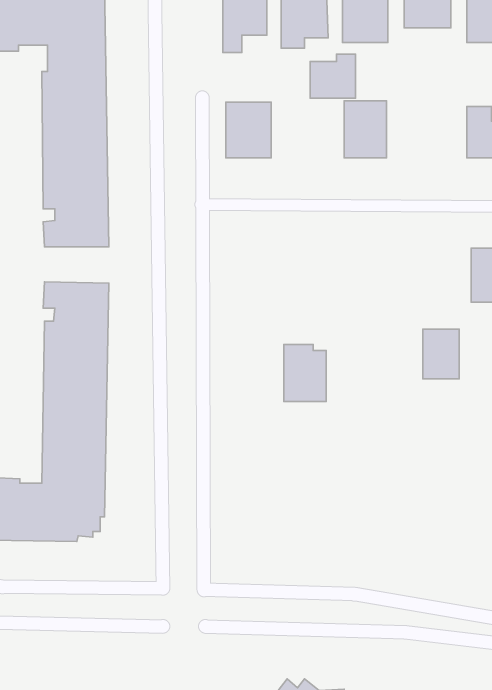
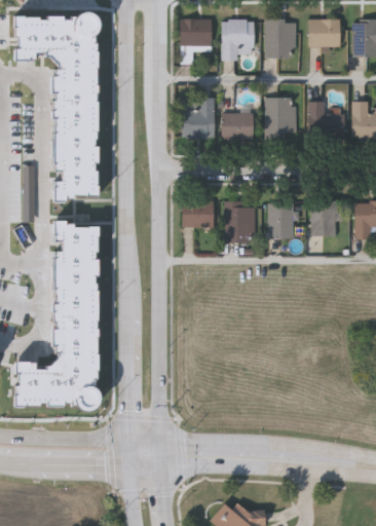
building: [310,54,355,98] -> [221,107,253,138]
building: none -> [309,102,343,136]
building: none -> [181,200,213,226]
building: none -> [267,200,294,238]
building: [423,329,459,379] -> [311,200,337,235]
building: [284,345,326,402] -> [224,201,254,241]

